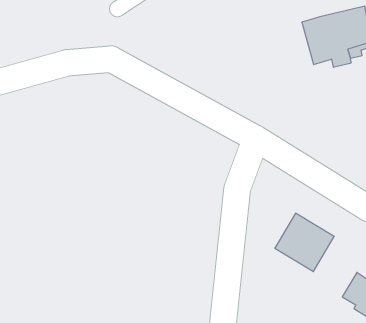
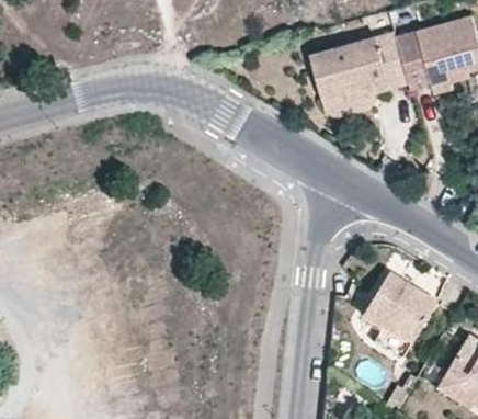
building: none -> [309,32,409,101]

